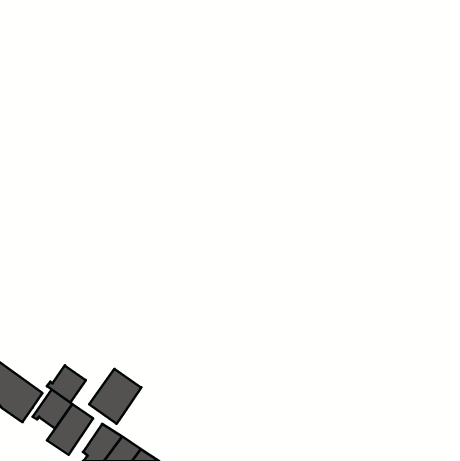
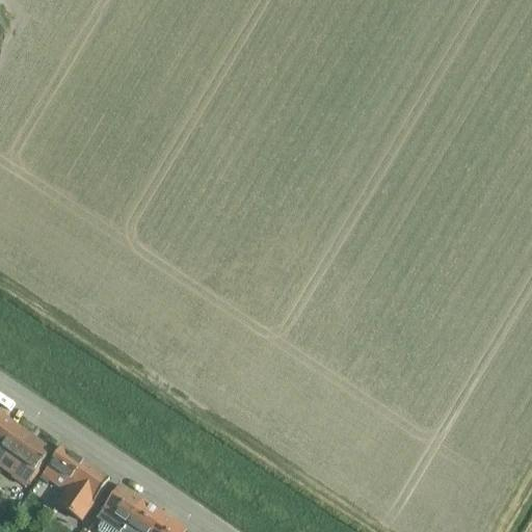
building: [47,365,86,402] -> none
building: [89,369,141,424] -> none

